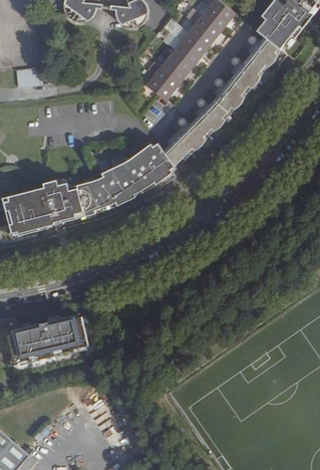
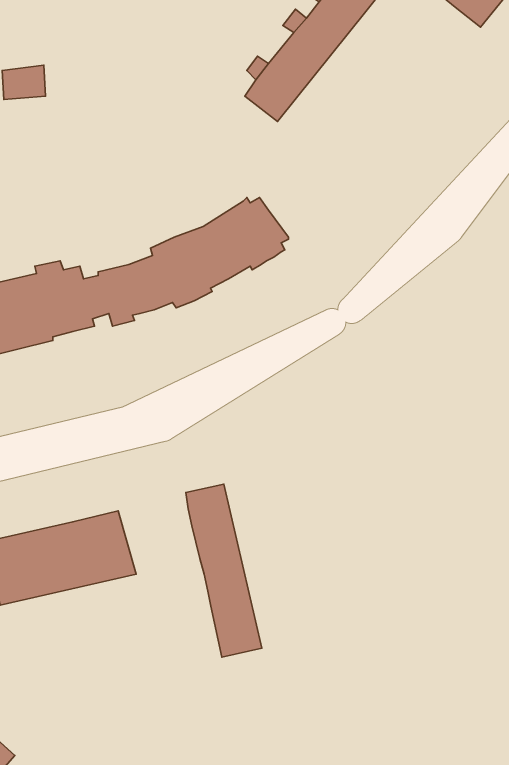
building: [163,37,280,165] -> none
building: none -> [186,484,262,657]

